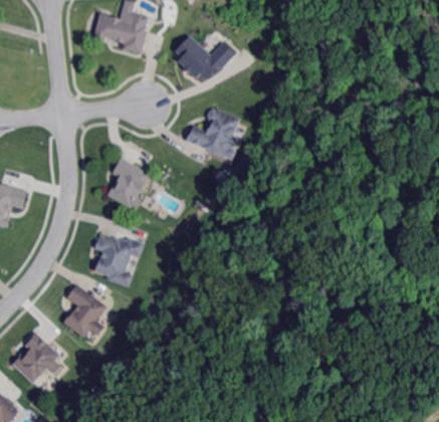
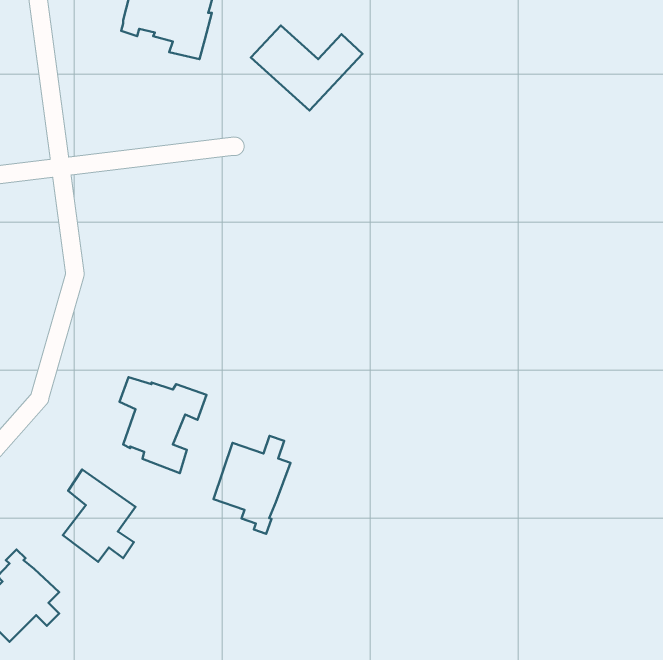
building: [187,109,240,160] -> none
building: [107,157,150,208] -> none
building: none -> [213,436,290,534]

